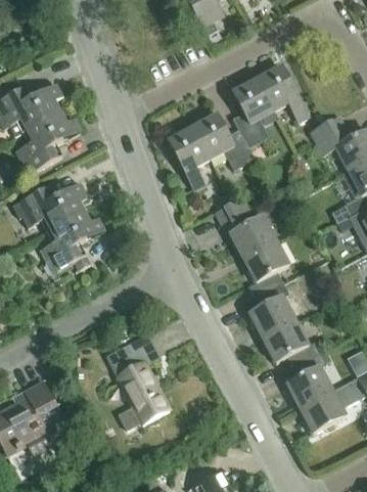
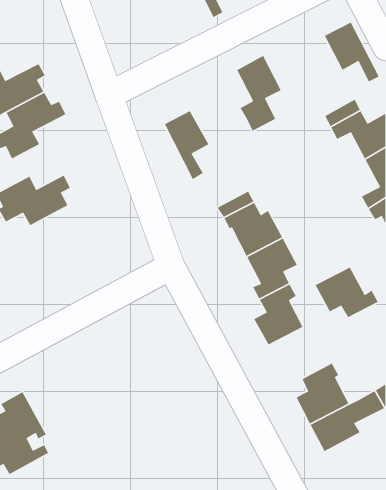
building: [257,65,307,120] -> [324,22,380,82]
building: [191,114,253,168] -> none
building: [38,212,103,271] -> none
building: [261,320,318,366] -> [315,266,379,318]
building: [104,332,168,427] -> none

